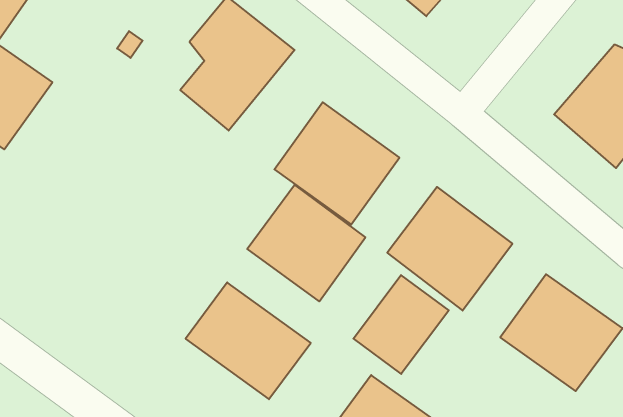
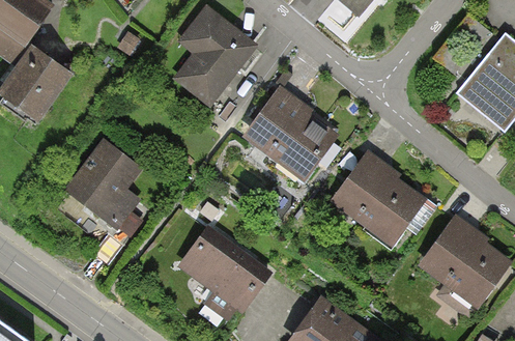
building: none -> [59,135,143,233]
building: [247,185,365,301] -> none
building: [353,275,449,374] -> none

